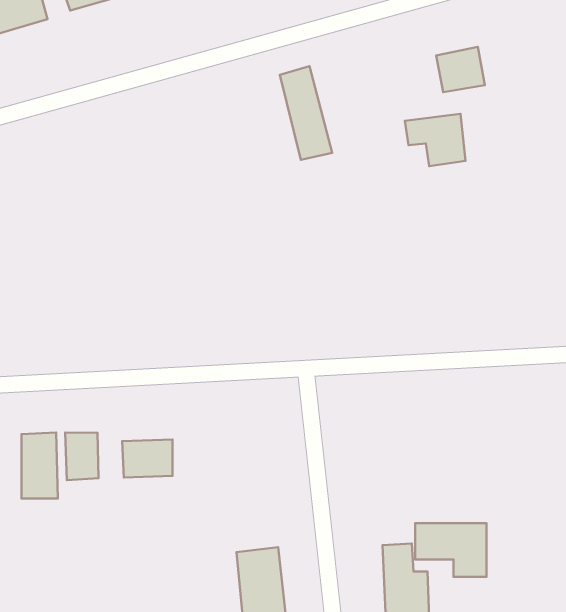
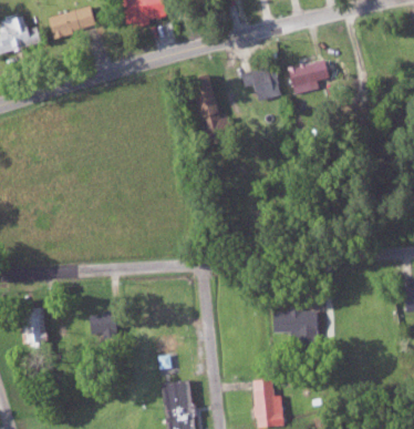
building: [405,114,466,166] -> [242,67,281,100]
building: [65,433,99,480] -> none
building: [415,523,486,577] -> [272,310,318,345]

